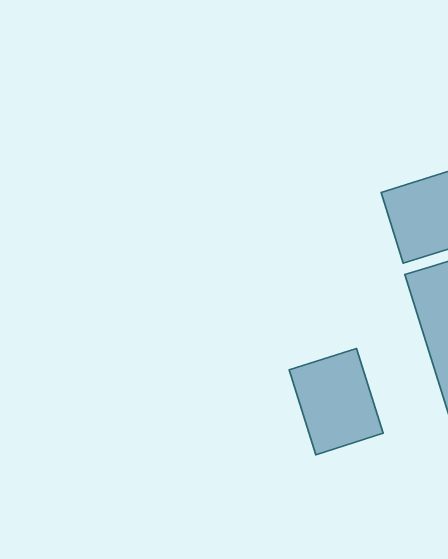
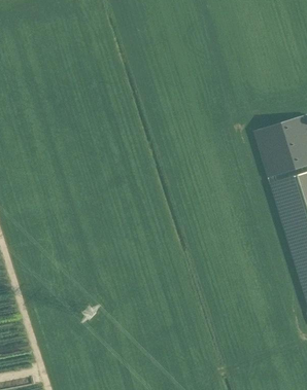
building: [289,349,383,455] -> none

